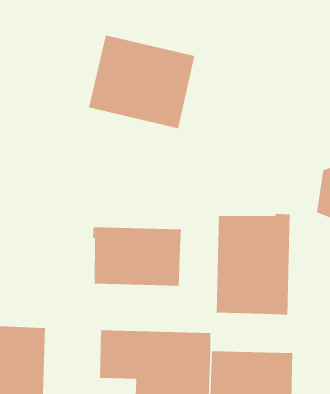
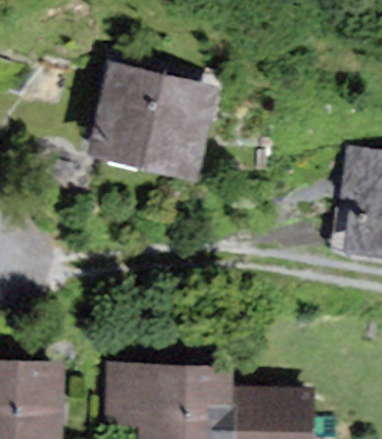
building: [216,213,290,316] -> none
building: [92,226,181,286] -> none

